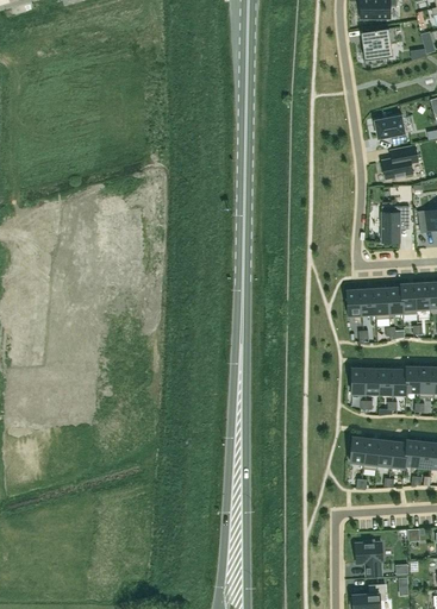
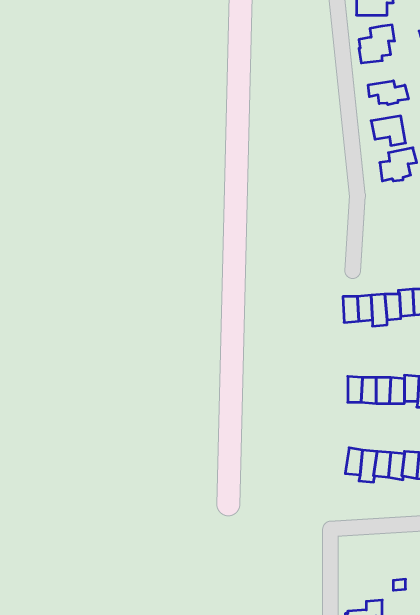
building: none -> [368,81,408,105]
building: [382,206,410,241] -> none
building: [356,539,383,576] -> none

